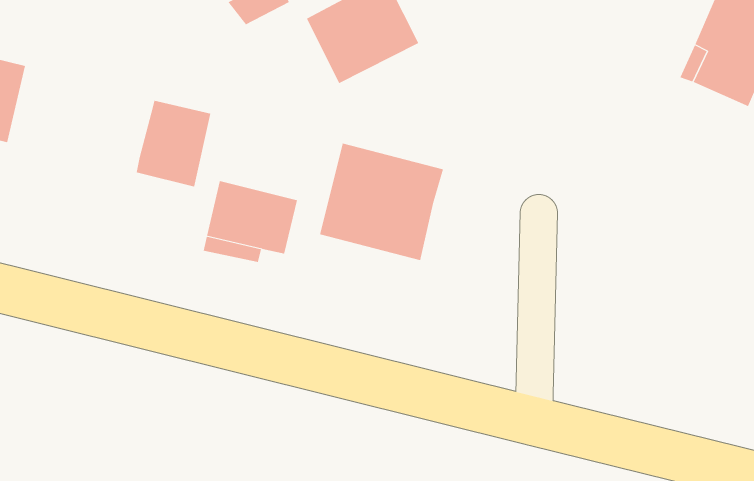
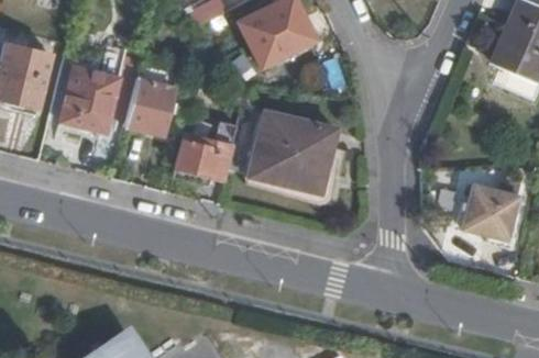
building: none -> [59,65,134,131]
building: none -> [243,146,334,195]
building: none -> [462,182,518,239]

